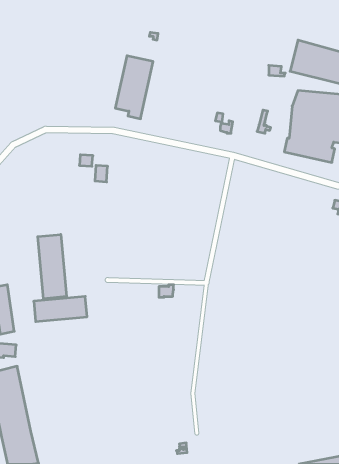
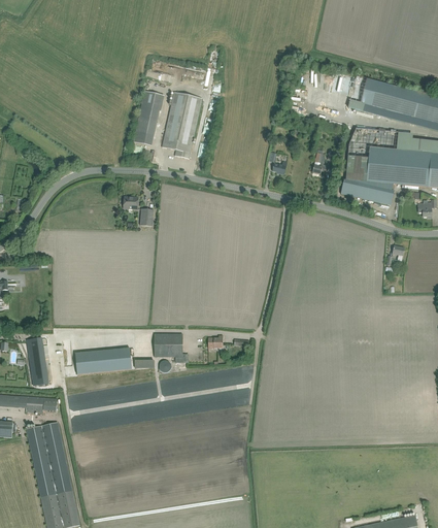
building: none -> [133,91,163,145]
building: [38,234,67,299] -> none
building: none -> [155,334,189,363]

